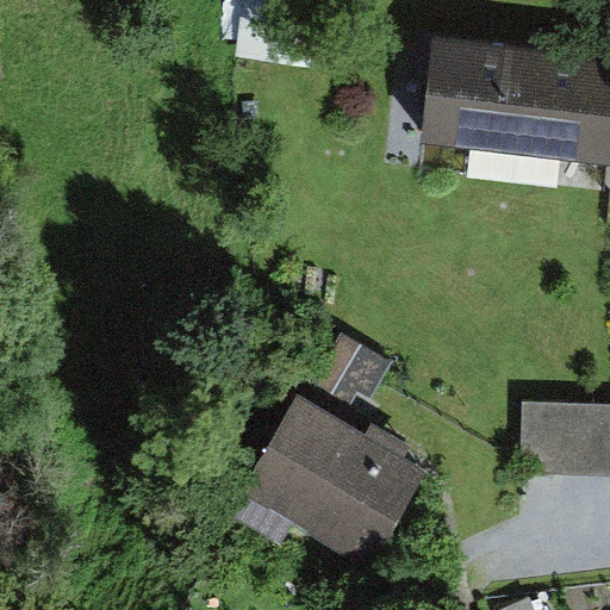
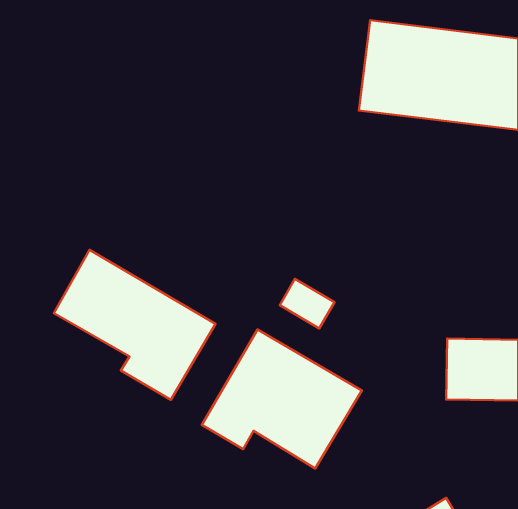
building: none -> [54,250,215,400]

